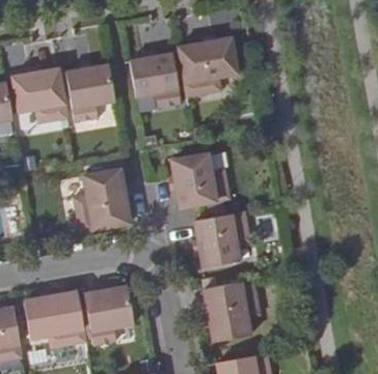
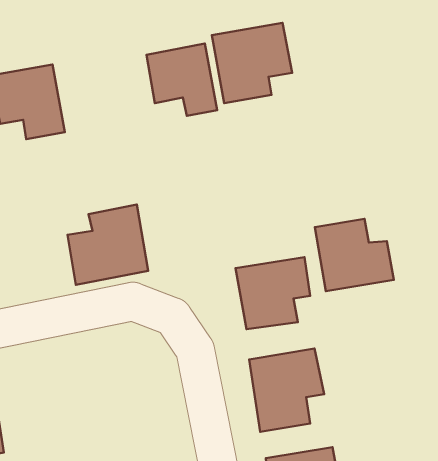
building: [64,64,113,122] -> none
building: [171,152,231,206] -> [315,219,394,291]
building: [83,286,133,344] -> none
building: [23,291,85,349] -> none

